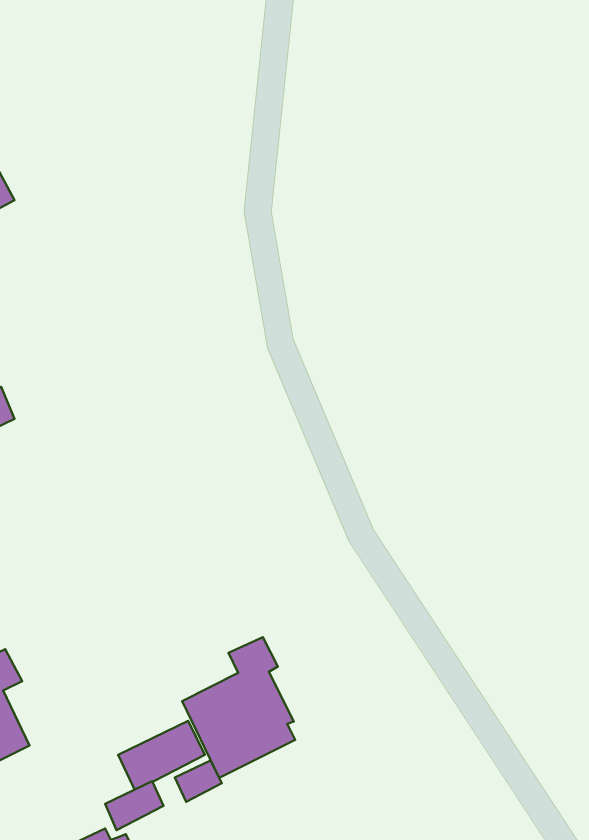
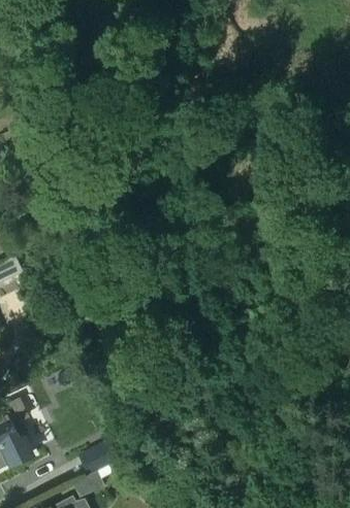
building: [182,637,295,778] -> none

